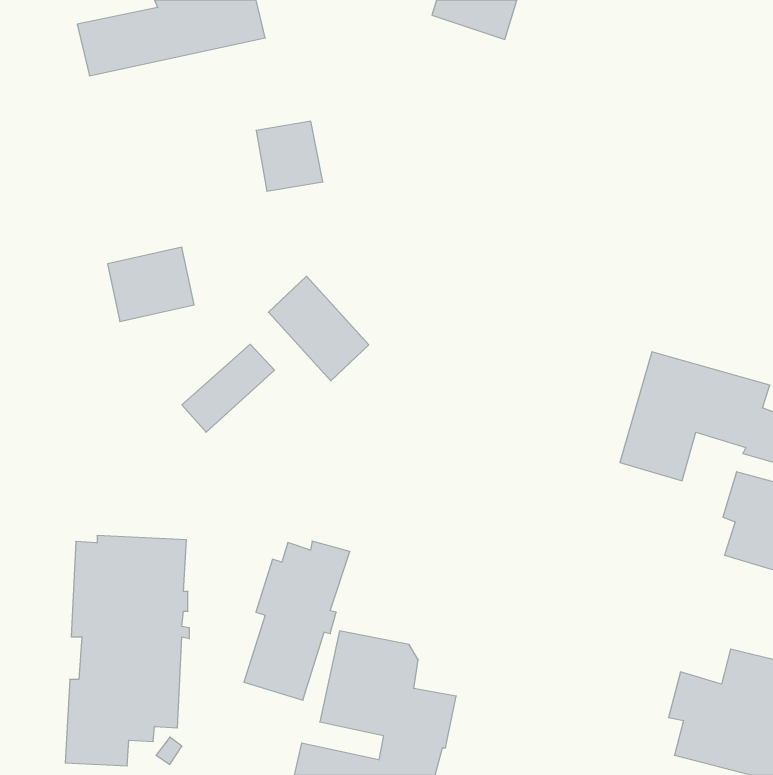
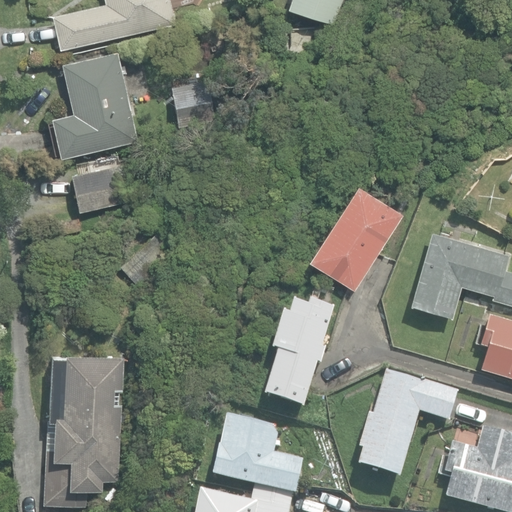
building: none -> [51,52,137,159]
building: [268,276,369,381] -> none
building: none -> [307,185,402,289]
building: [244,541,350,700] -> [263,302,333,407]
building: none -> [357,372,456,478]

